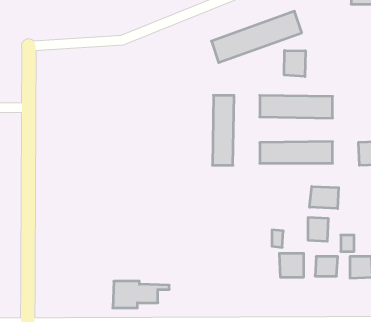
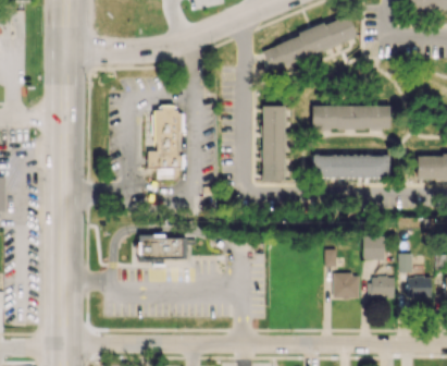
building: [284,50,305,77] -> none
building: none -> [148,106,179,179]
building: [310,186,339,209] -> none
building: [113,281,169,308] -> [137,234,197,263]

